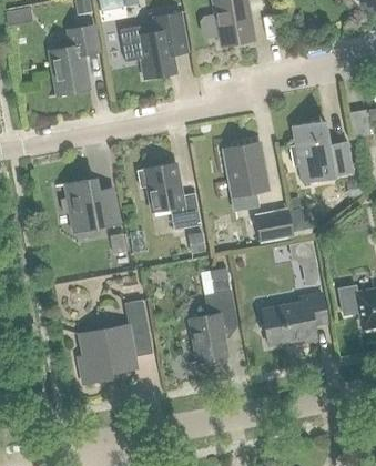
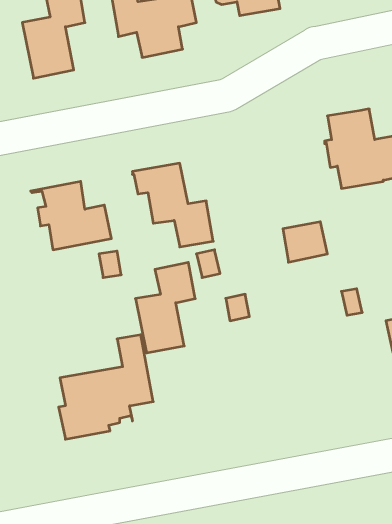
building: [224,143,268,195] -> none
building: [189,290,236,362] -> [135,262,195,353]
building: [260,293,327,345] -> none

